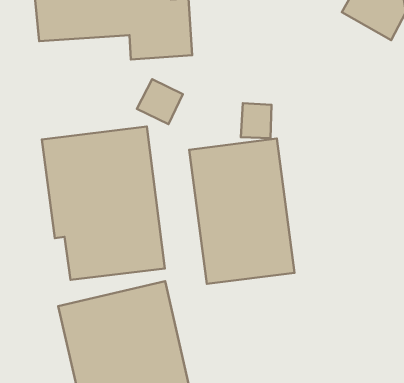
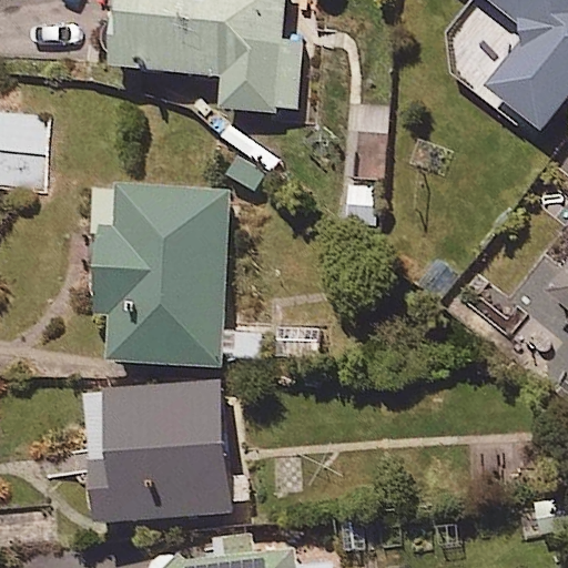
building: [189,139,294,284] -> none

